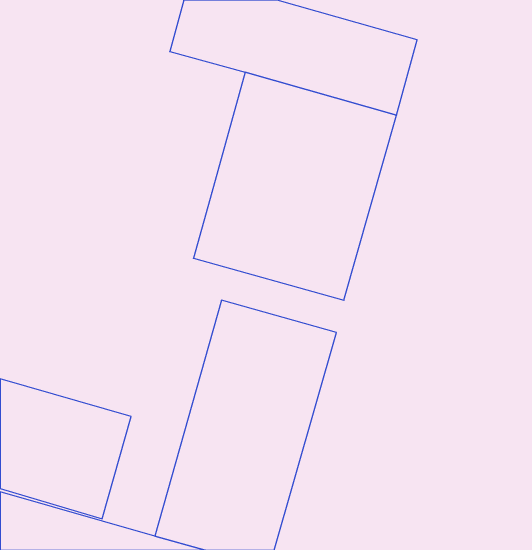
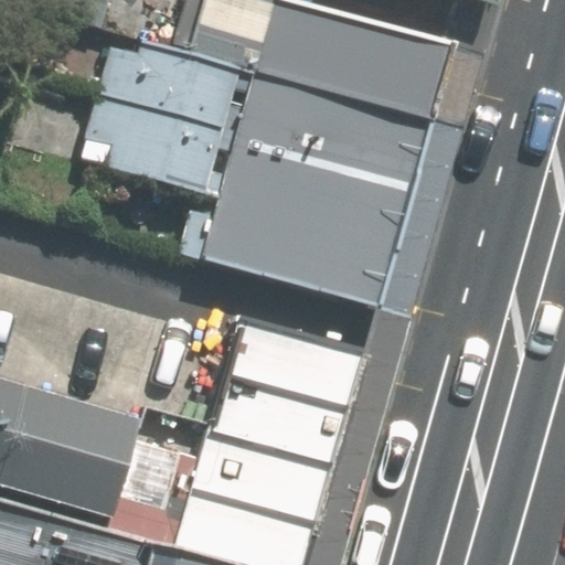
building: none -> [113,40,269,198]

